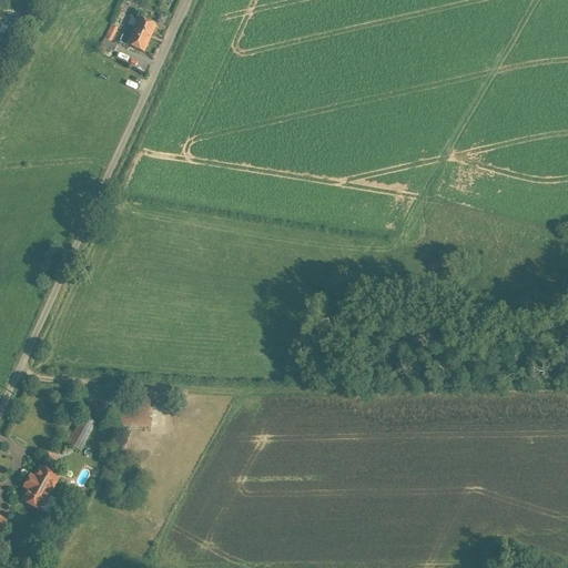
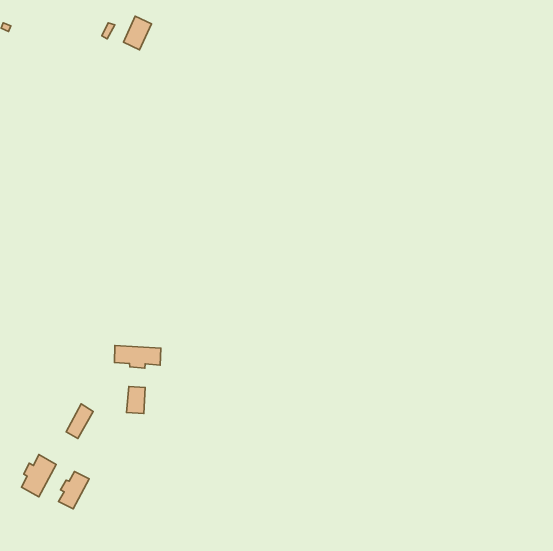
building: none -> [114,345,161,368]
building: none -> [59,472,89,509]

